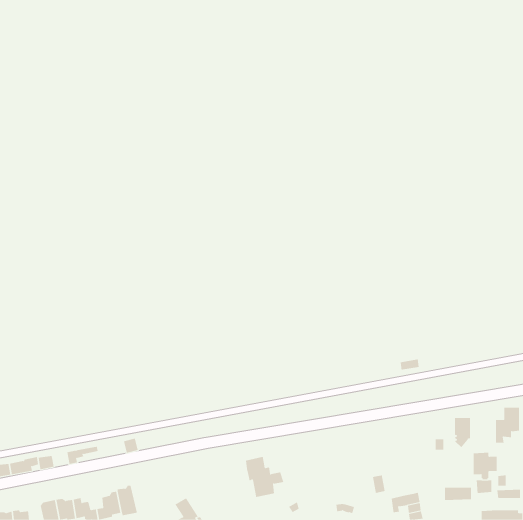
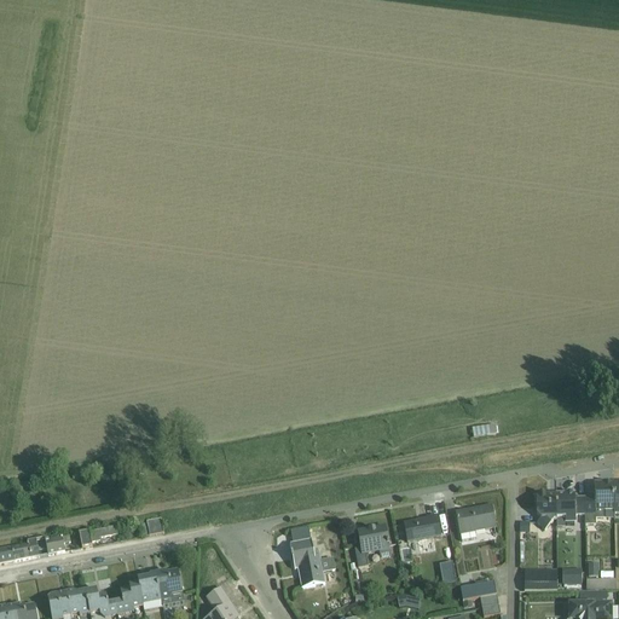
building: none -> [455,504,494,540]
building: none -> [403,513,441,542]
building: none -> [354,523,391,566]
building: [473,452,497,480] -> [555,490,584,522]
building: none -> [155,568,184,603]

